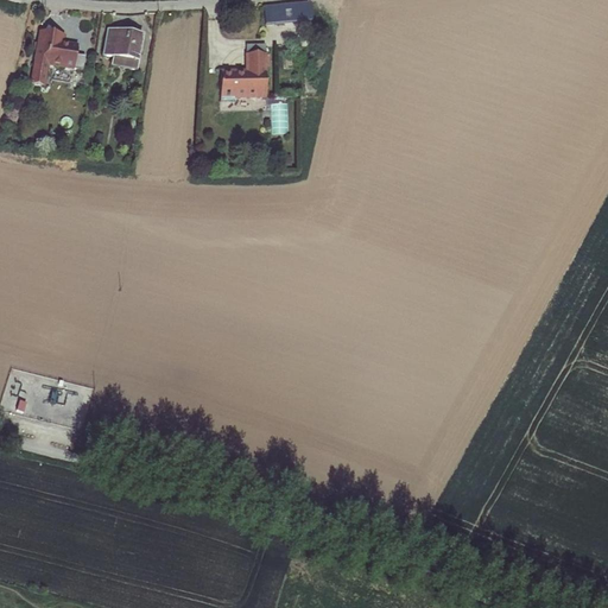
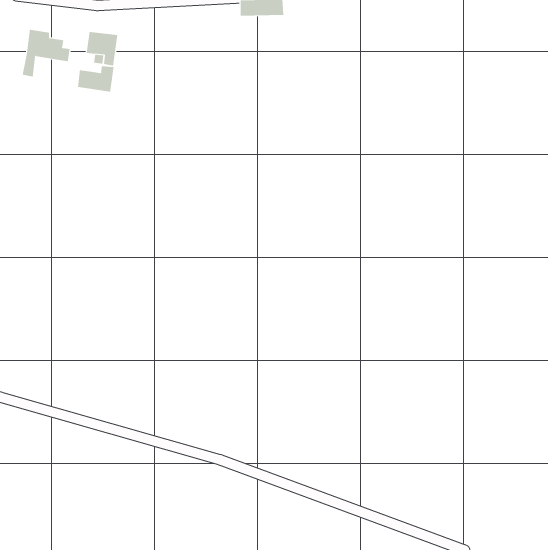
building: [220,49,270,96] -> none
building: none -> [77,65,114,93]

